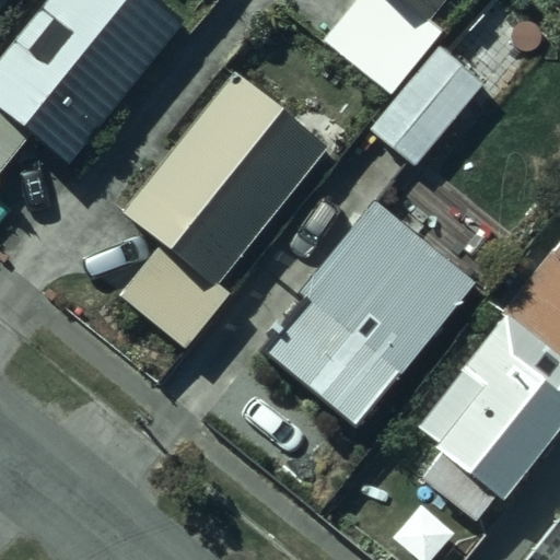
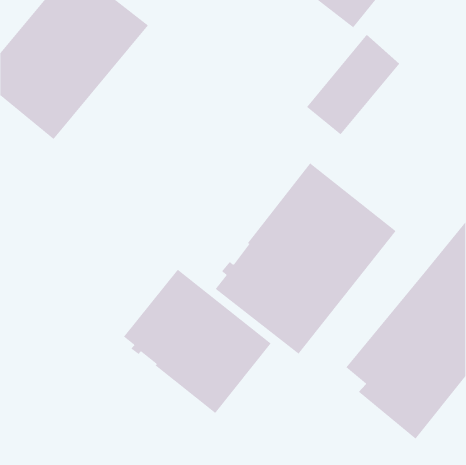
building: [115,77,329,300] -> none
building: none -> [123,269,271,414]

